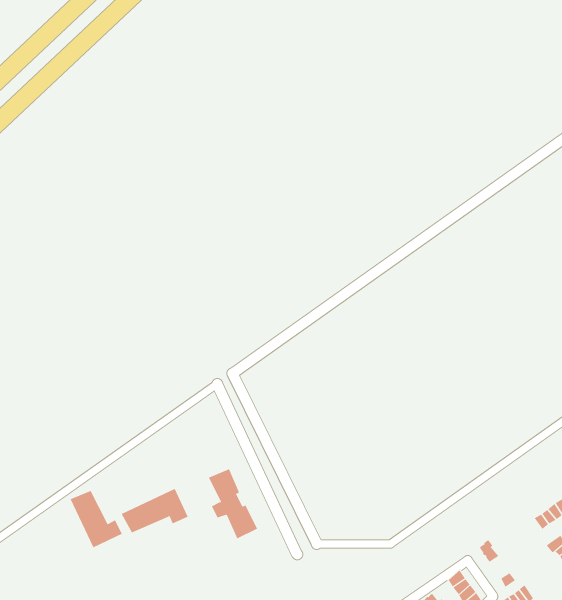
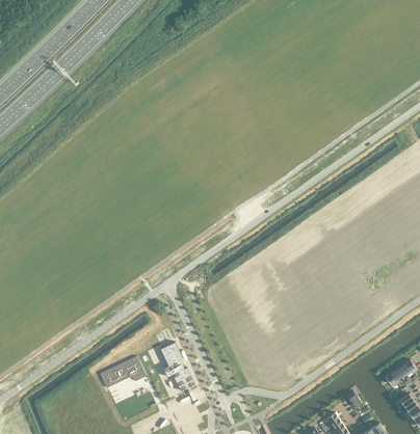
building: [70,490,123,548] -> none

